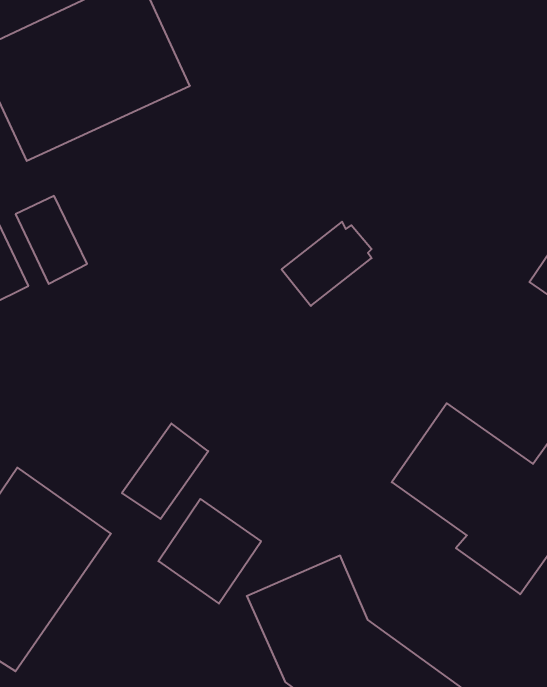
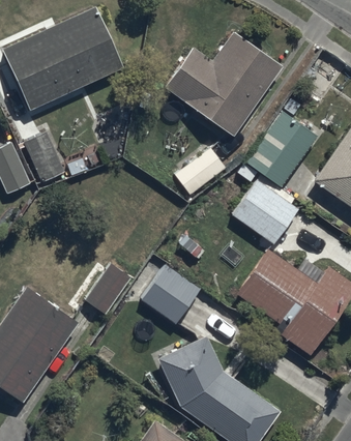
building: none -> [163,31,283,138]
building: none -> [233,112,317,245]
building: [158,499,261,604] -> [143,263,201,322]

